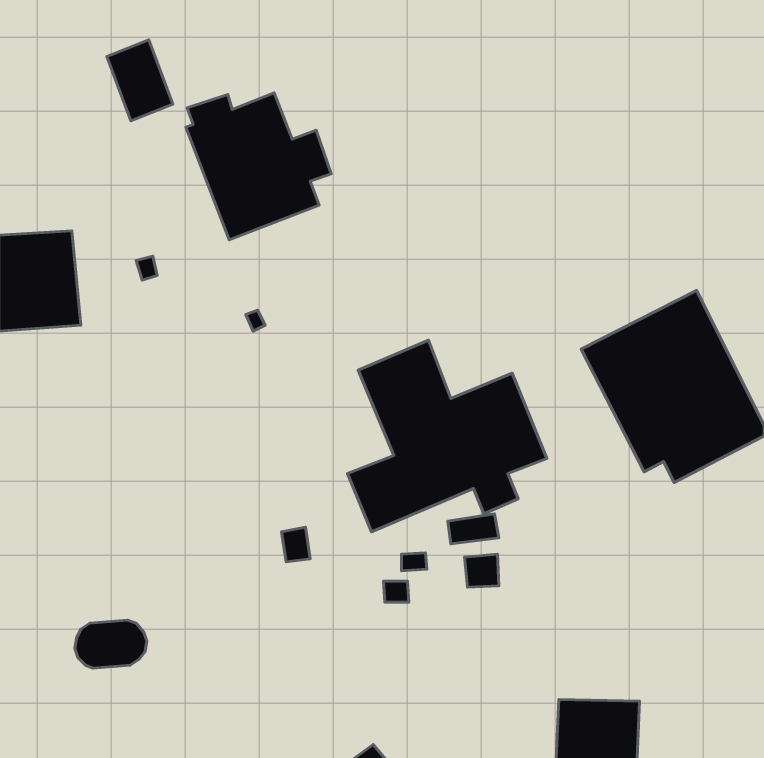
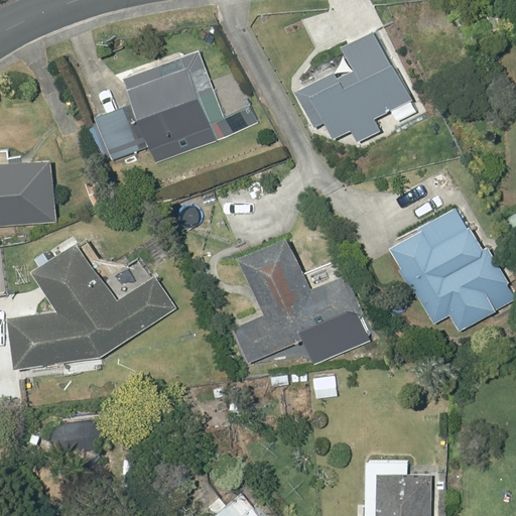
building: none -> [290,24,414,146]
building: [107,40,173,121] -> [94,109,138,163]
building: none -> [7,240,174,368]

